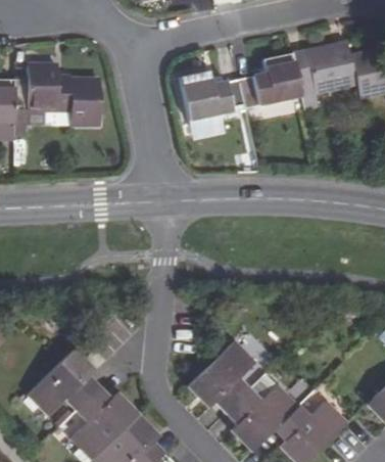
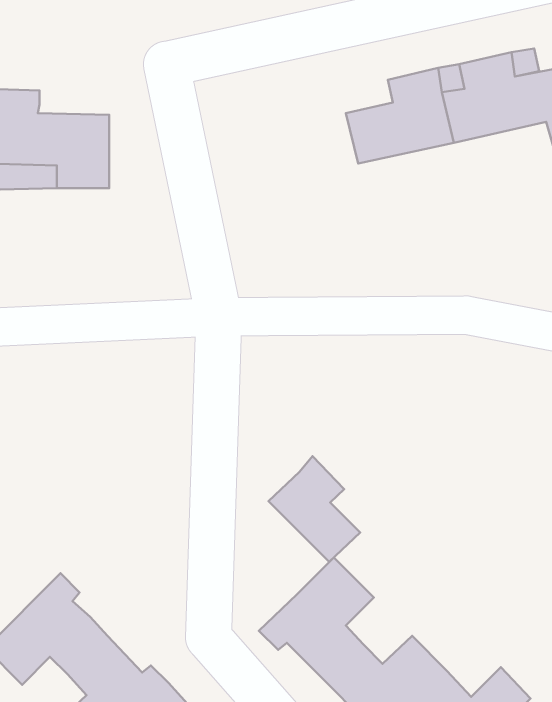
building: [182,72,247,122] -> none
building: none -> [268,456,360,562]

